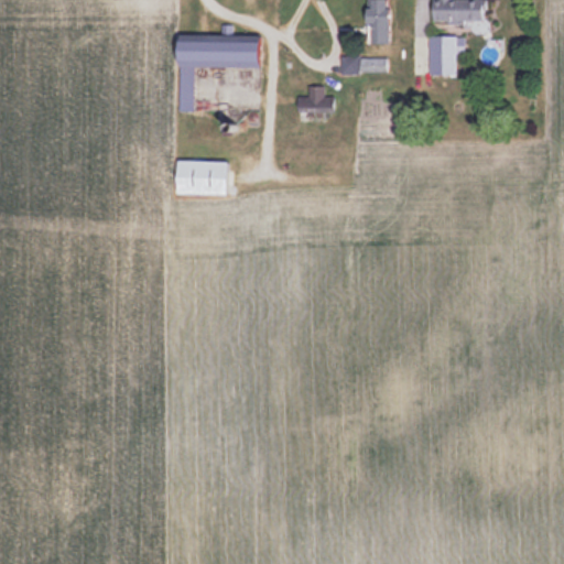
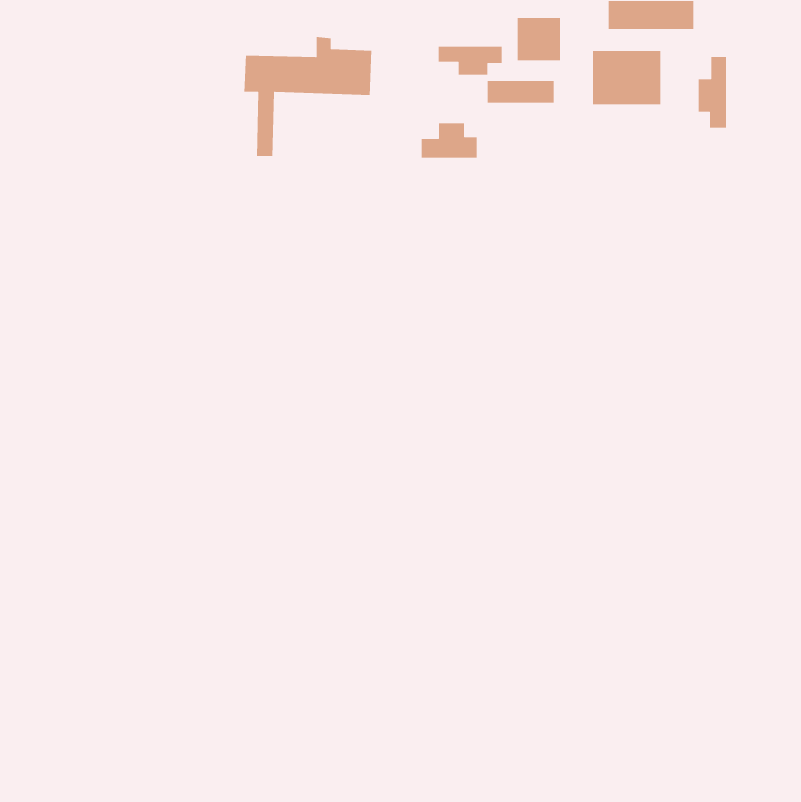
building: none -> [438,46,502,75]
building: none -> [698,56,727,128]
building: [173,161,227,195] -> none

